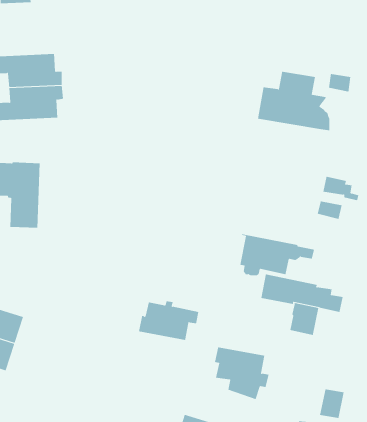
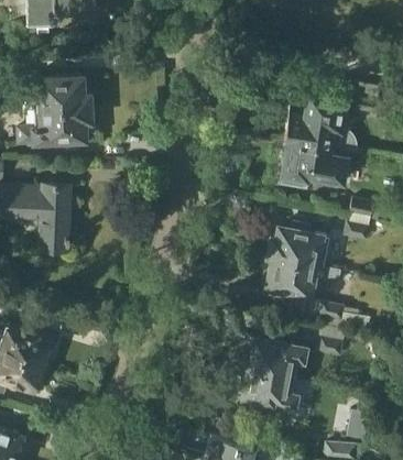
building: none -> [282,142,351,189]
building: none -> [270,228,330,267]
building: [138,301,199,341] -> [246,338,306,377]

